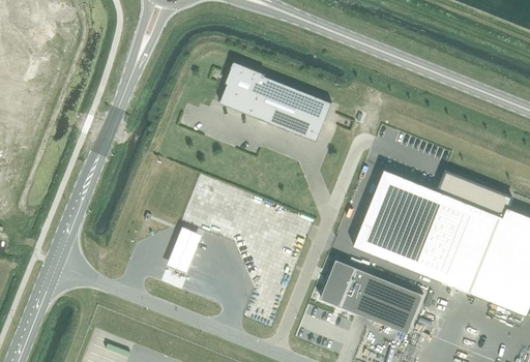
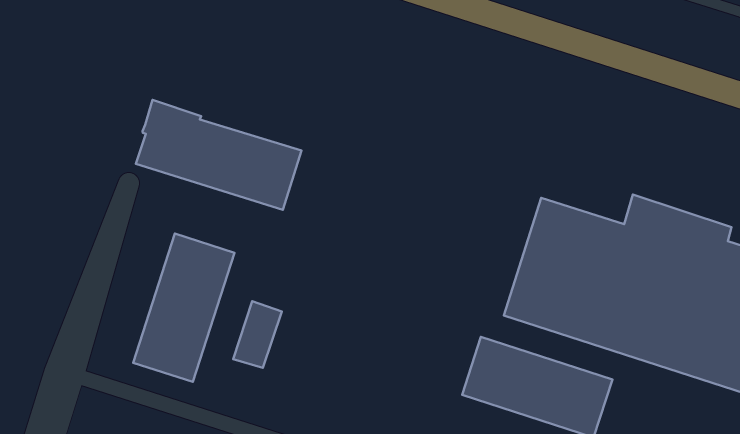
building: [219,62,332,143] -> [136,100,302,210]
building: none -> [133,234,235,382]

